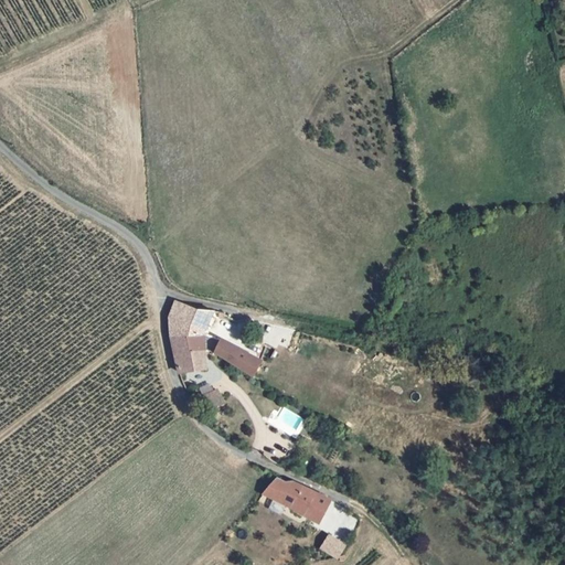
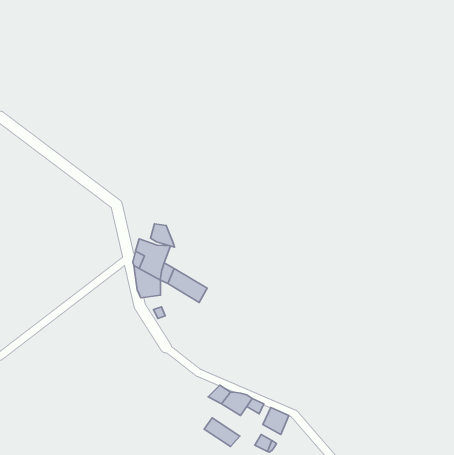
building: none -> [150,224,175,247]
building: none -> [204,418,240,447]

